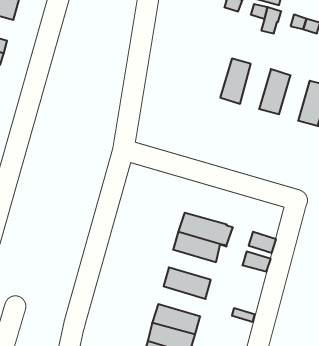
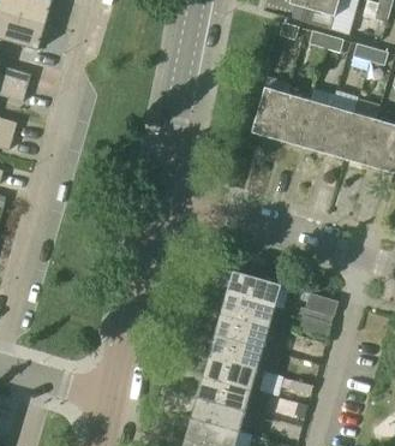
building: none -> [251,87,287,138]
building: none -> [297,100,331,151]
building: none -> [341,113,376,165]
building: none -> [215,313,269,347]
building: none -> [203,355,263,391]

